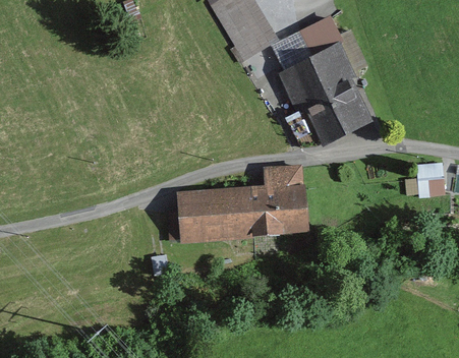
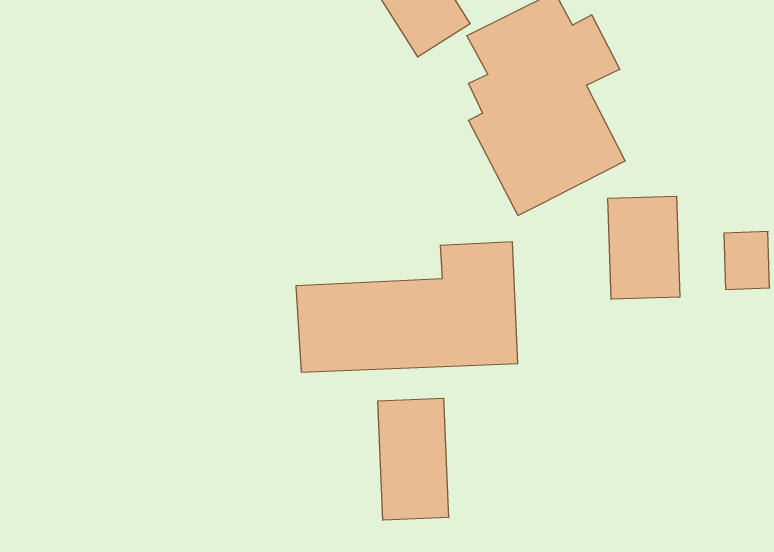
building: none -> [608,196,680,299]
building: none -> [378,398,449,520]

